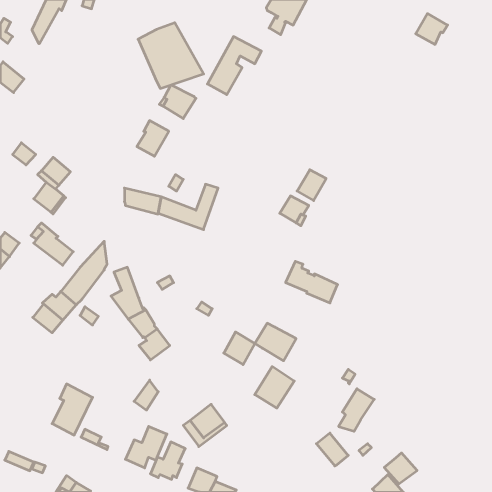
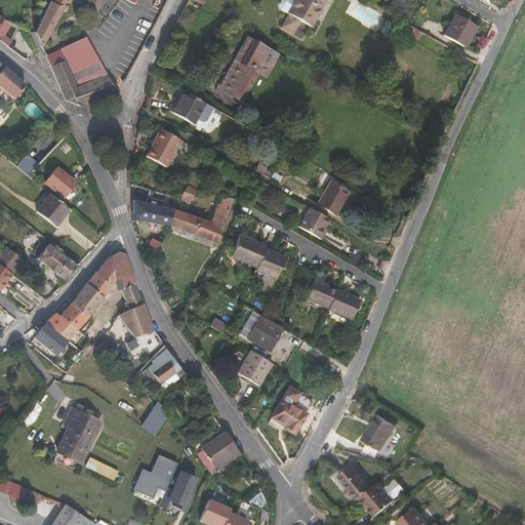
building: [138,23,204,88] -> [46,32,116,102]
building: none -> [229,237,284,280]
building: none -> [112,251,137,291]
building: [255,323,296,361] -> [238,312,282,352]
building: [384,453,417,484] -> [359,479,394,512]

